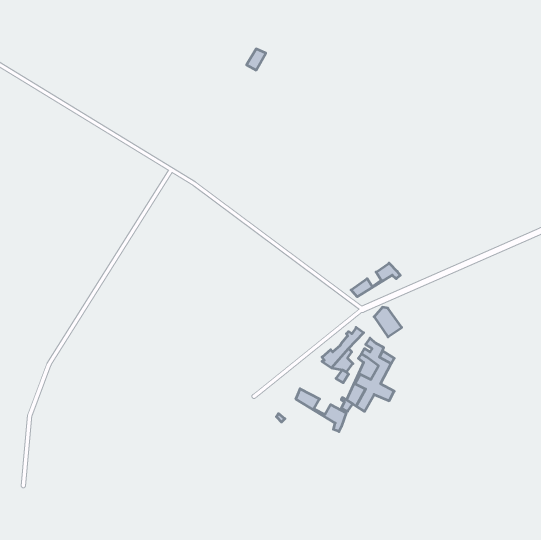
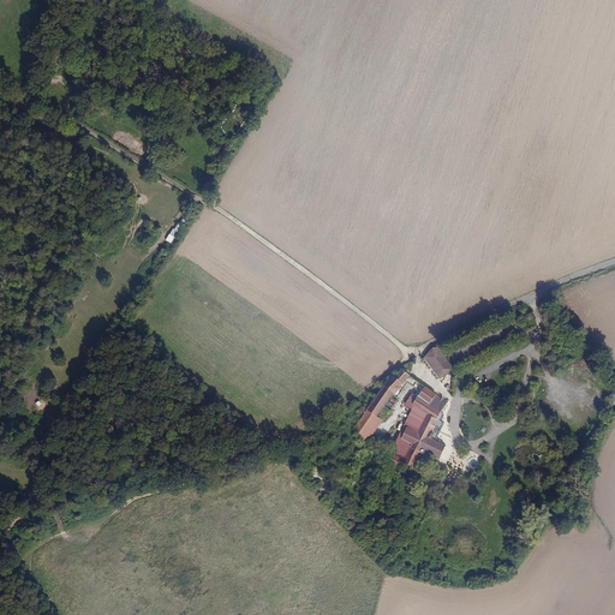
building: [351,263,400,297] -> none
building: [296,389,346,432] -> none

